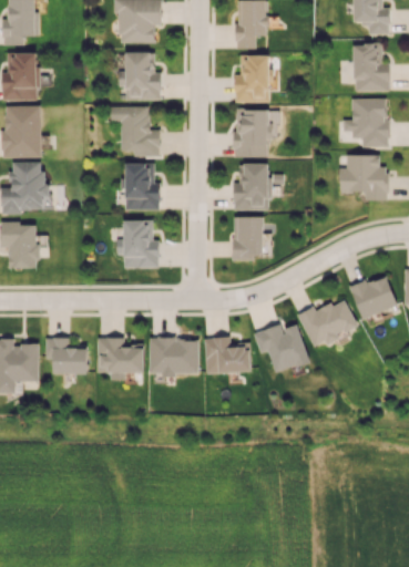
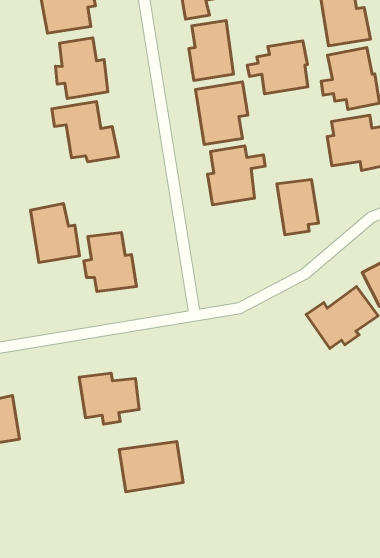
building: none -> [247,41,308,94]
building: [125,163,161,209] -> [30,203,80,262]
building: [234,216,264,260] -> [277,180,318,235]
building: [254,324,309,372] -> none
building: [205,337,252,374] -> none
building: [45,338,89,373] -> none
building: [150,338,200,374] -> [119,442,183,492]

